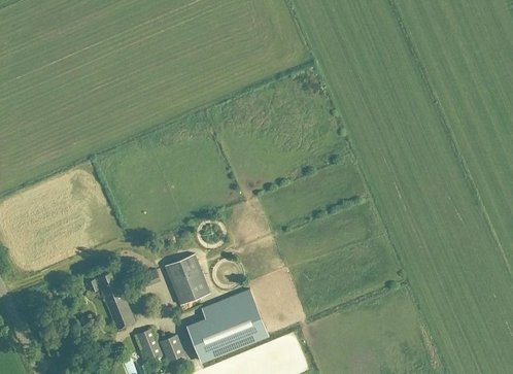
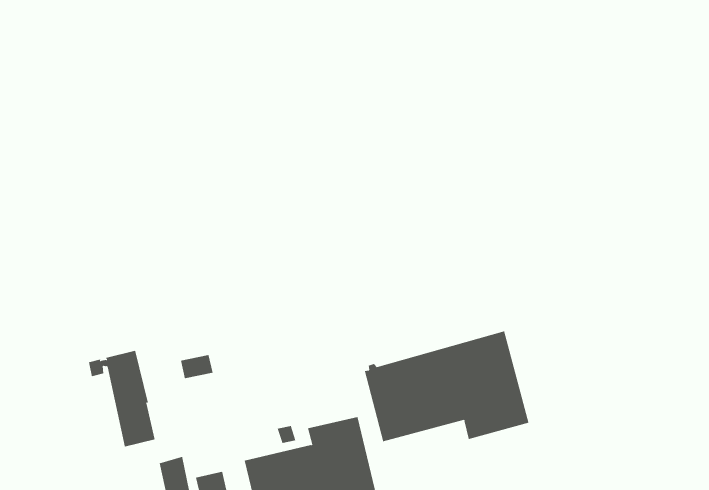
building: none -> [364,331,529,442]
building: [164,254,209,305] -> none

